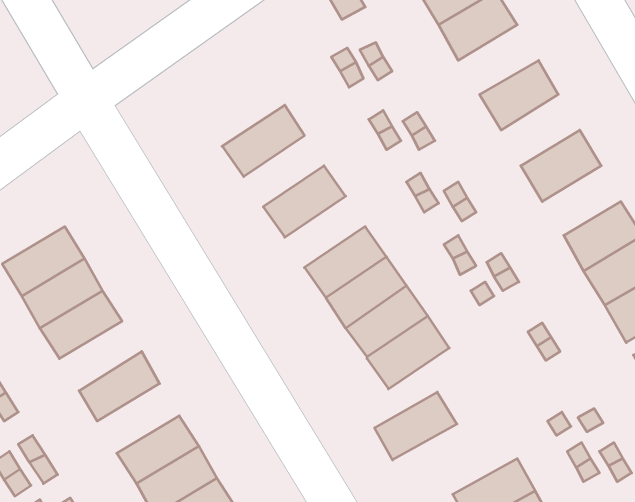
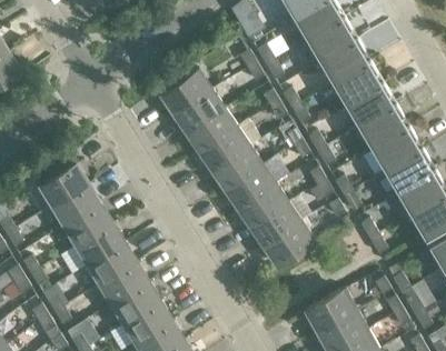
building: none -> [320,40,370,83]
building: none -> [161,70,212,116]
building: none -> [347,83,396,128]
building: none -> [187,109,237,153]
building: none -> [373,128,422,171]
building: none -> [212,147,262,191]
building: none -> [72,224,123,268]
building: none -> [96,263,147,307]
building: [375,392,457,460] -> [306,290,357,332]

